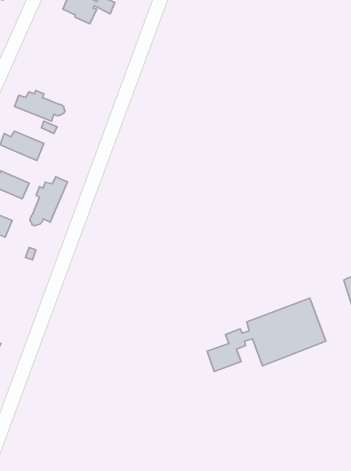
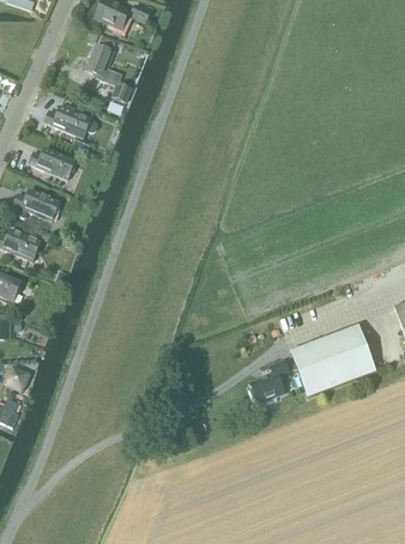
building: none -> [86,43,132,102]
building: [30,177,68,226] -> none

